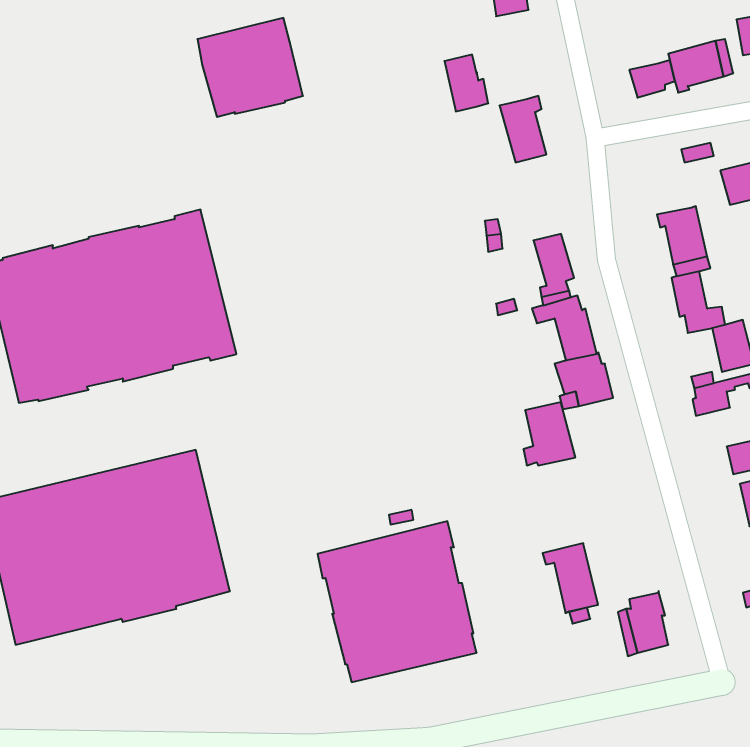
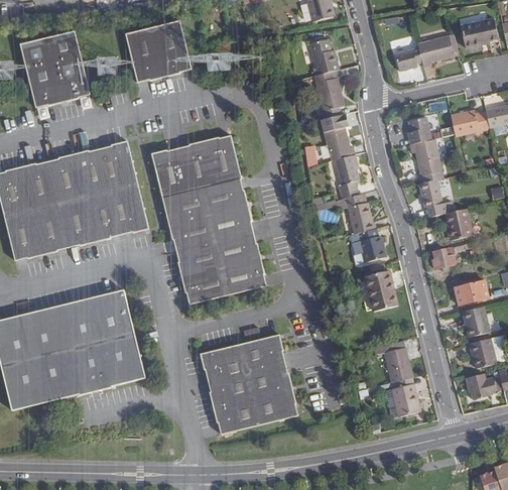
building: none -> [19,31,90,107]
building: [444,55,488,111] -> [309,39,337,75]
building: none -> [320,113,354,160]
building: none -> [408,116,431,143]
building: none -> [151,134,266,304]
building: [523,402,575,465] -> [365,270,397,310]
building: [543,543,598,613] -> [377,340,411,383]

